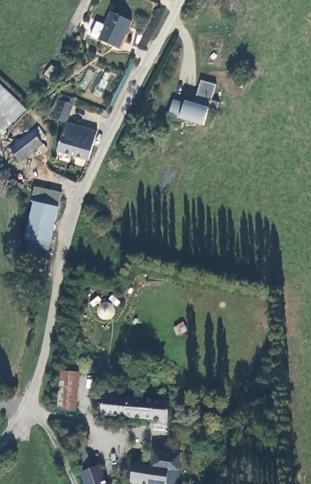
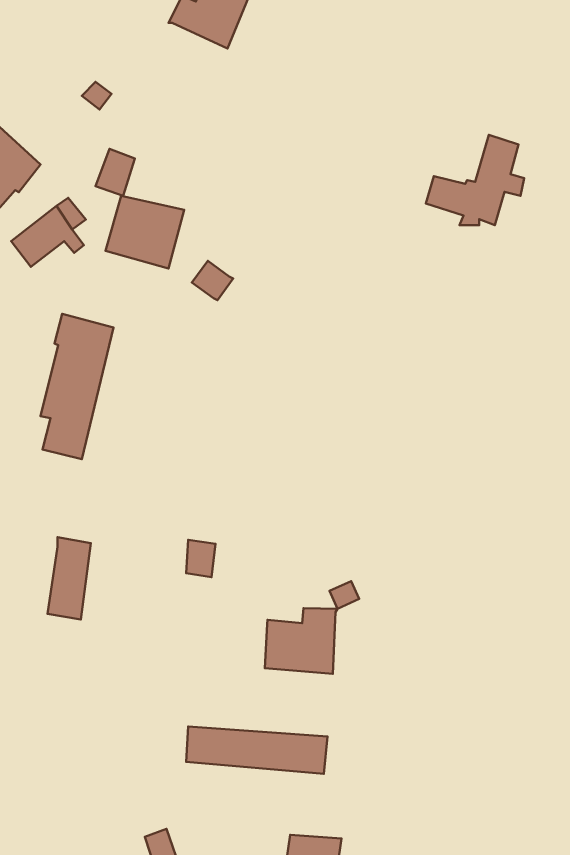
building: [166,78,216,124] -> [426,135,524,225]
building: none -> [265,608,337,674]
building: [57,368,79,410] -> [48,537,91,620]

